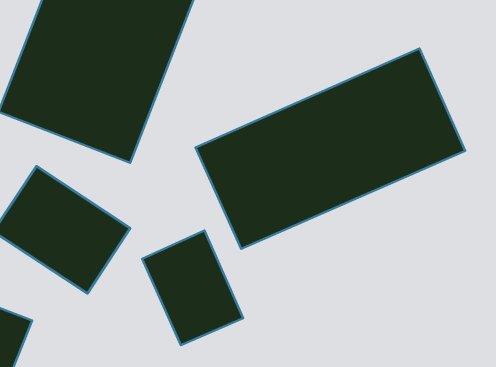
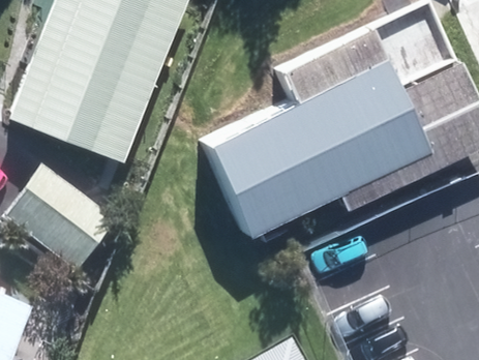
building: [142,231,243,345] -> none

